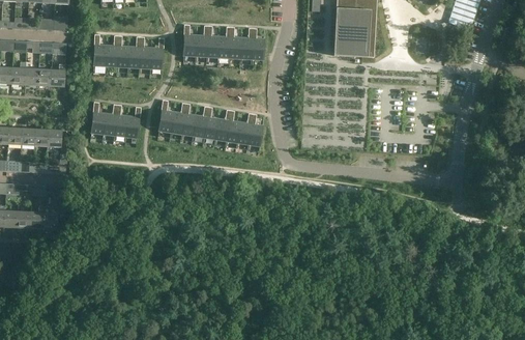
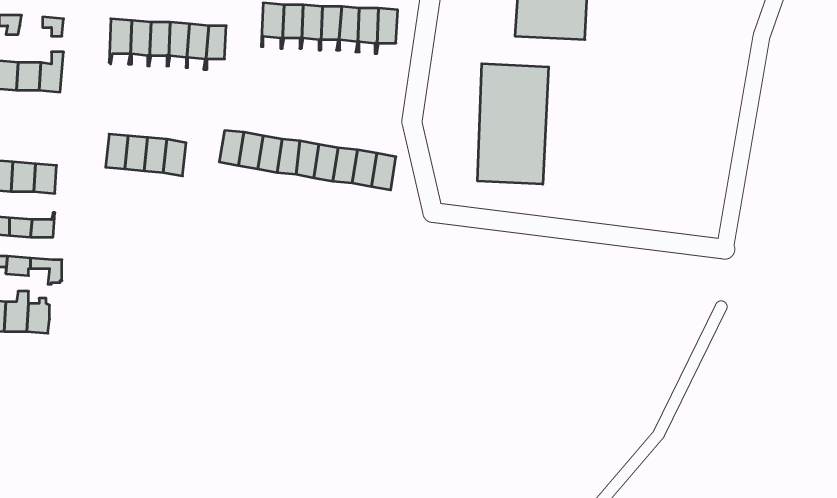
building: none -> [478,64,549,184]

